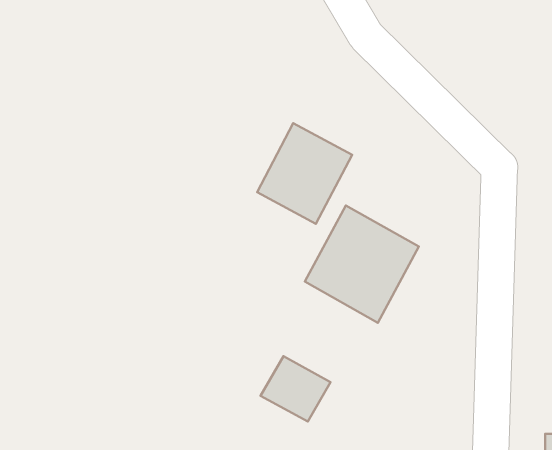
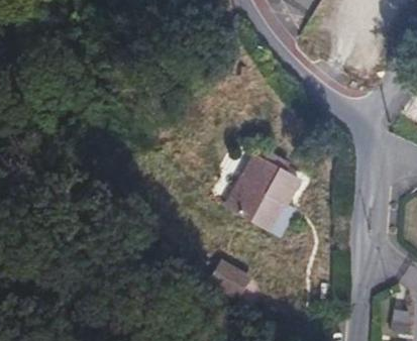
building: [257,123,352,224] -> none

